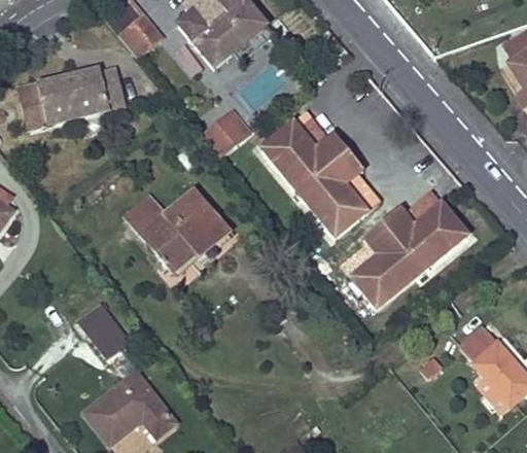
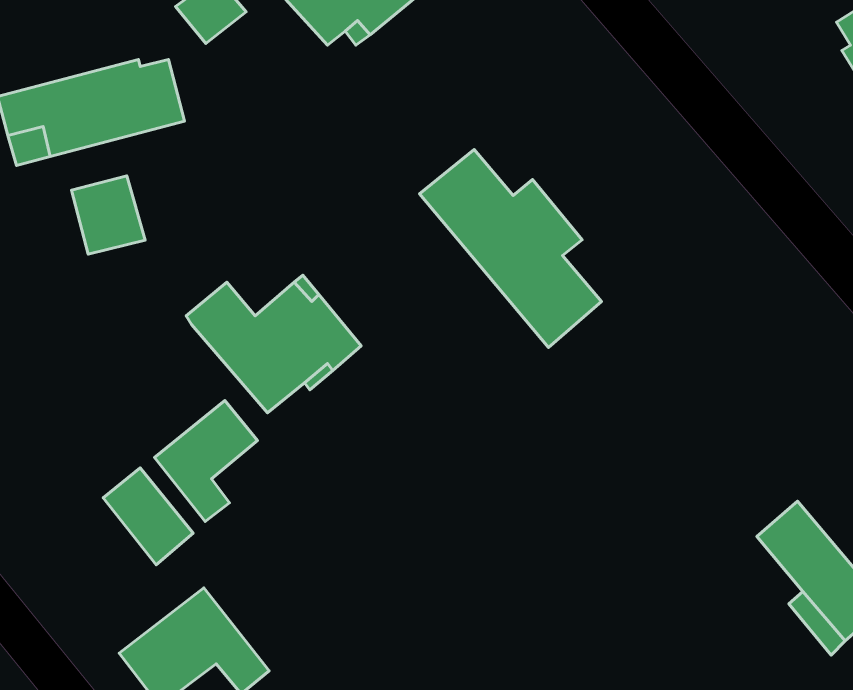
building: [206,108,254,155] -> none
building: none -> [72,176,145,254]
building: [349,202,464,309] -> none
building: none -> [154,400,257,522]

